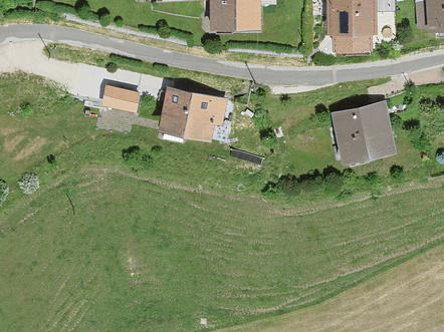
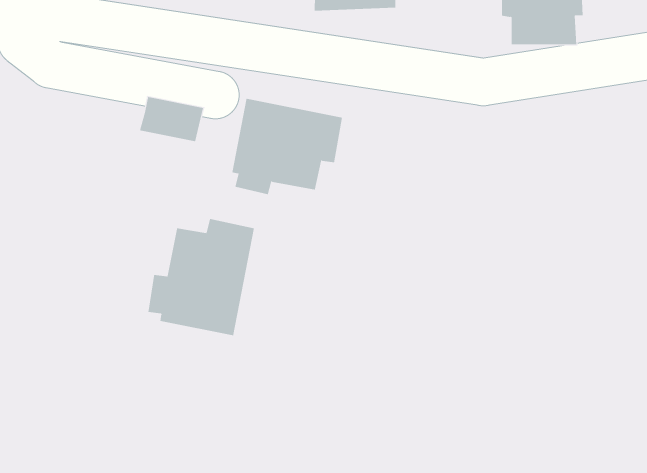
building: [330,99,396,164] -> none
building: none -> [148,218,254,336]

